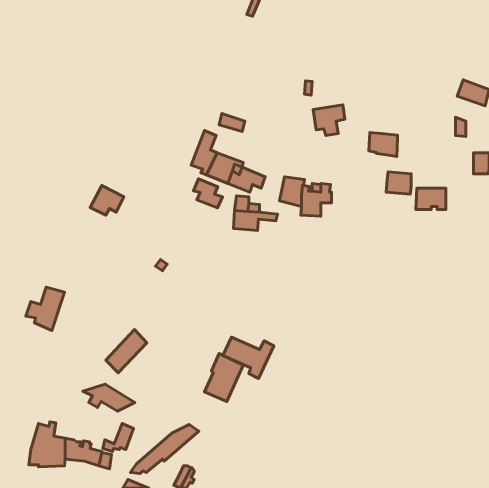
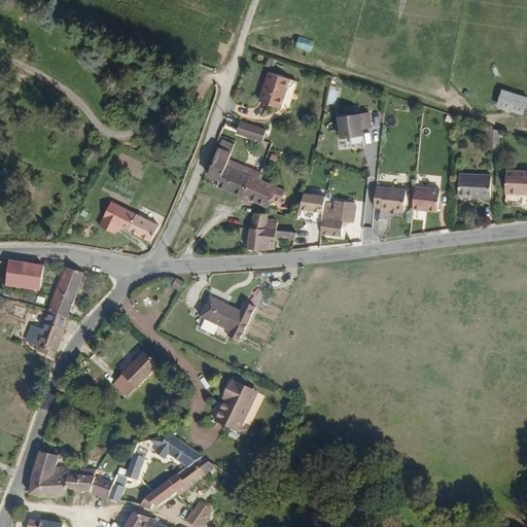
building: none -> [254,74,284,109]
building: [369,132,398,156] -> [376,183,407,209]
building: [193,179,222,208] -> none
building: [416,188,446,209] -> [459,169,491,191]
building: none -> [126,212,156,239]
building: none -> [7,259,43,287]
building: none -> [49,262,83,313]
building: [223,337,274,378] -> [195,294,249,339]
building: [83,384,135,411] -> [147,435,203,464]

